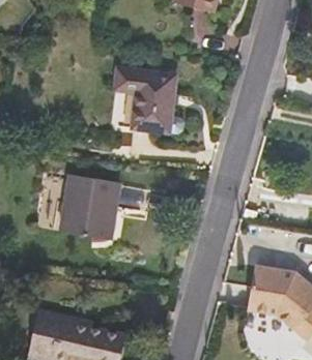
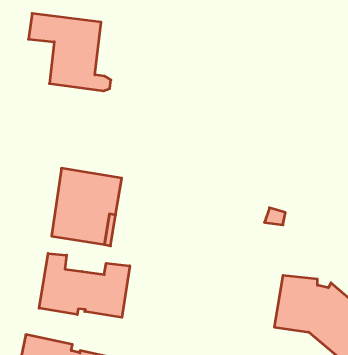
building: [114,67,183,132] -> [28,13,111,91]
building: none -> [39,253,130,317]

